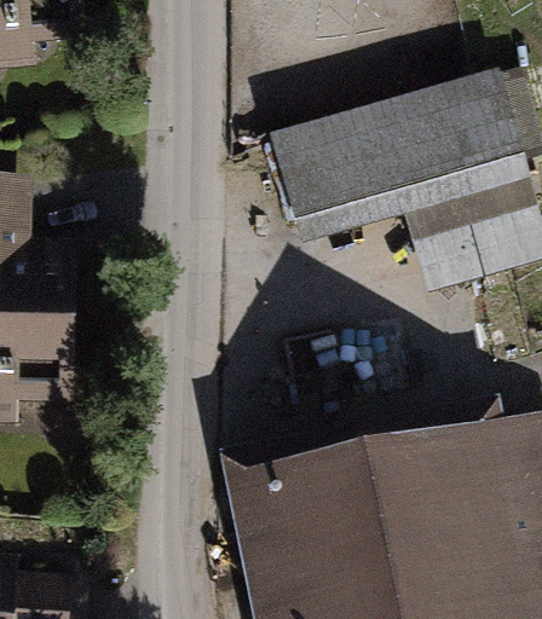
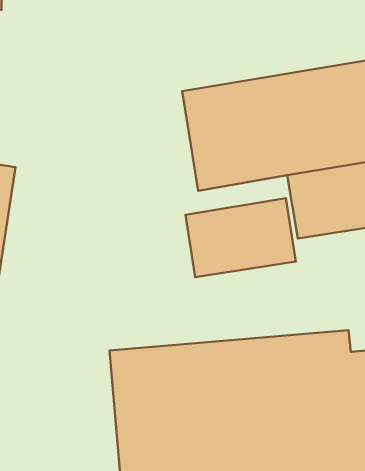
building: none -> [185,198,296,277]

